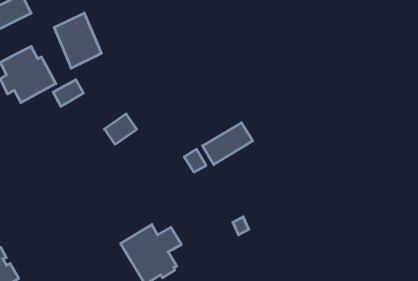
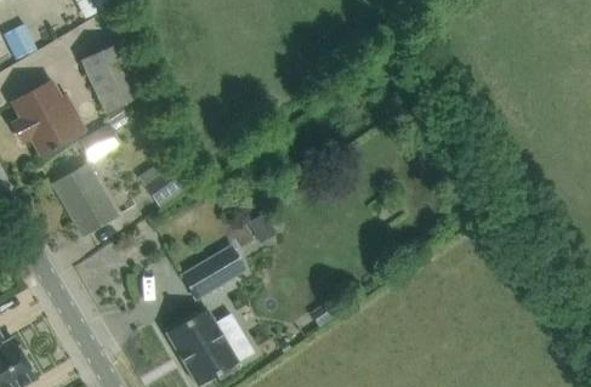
building: none -> [52,164,118,237]
building: [202,123,253,165] -> [181,246,245,300]

